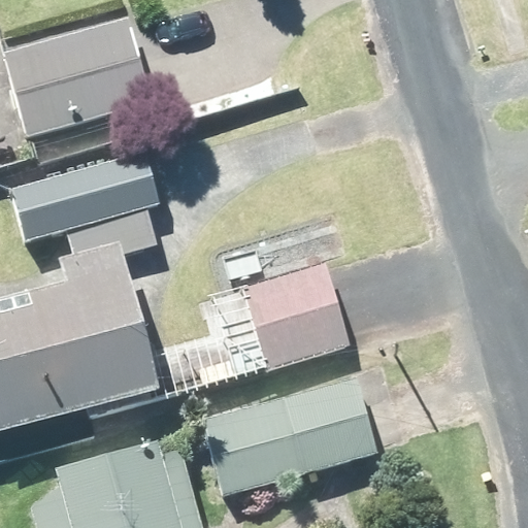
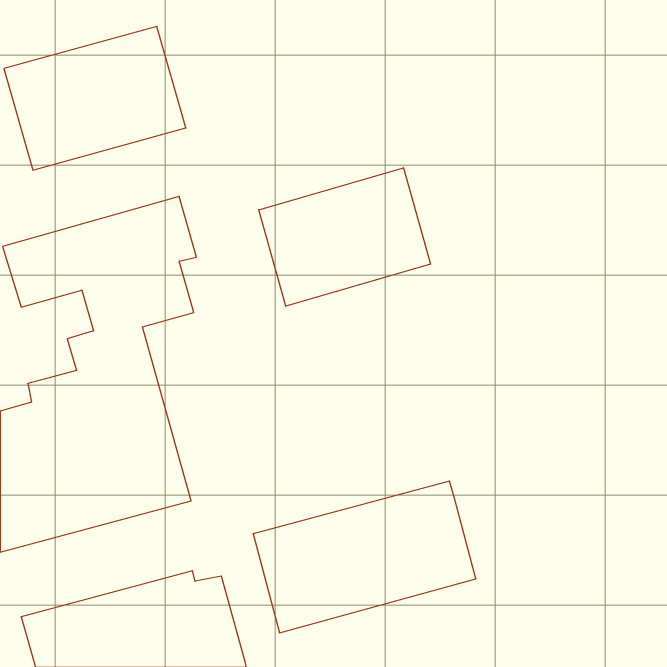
building: none -> [259,168,430,306]
building: [243,264,349,368] -> none

